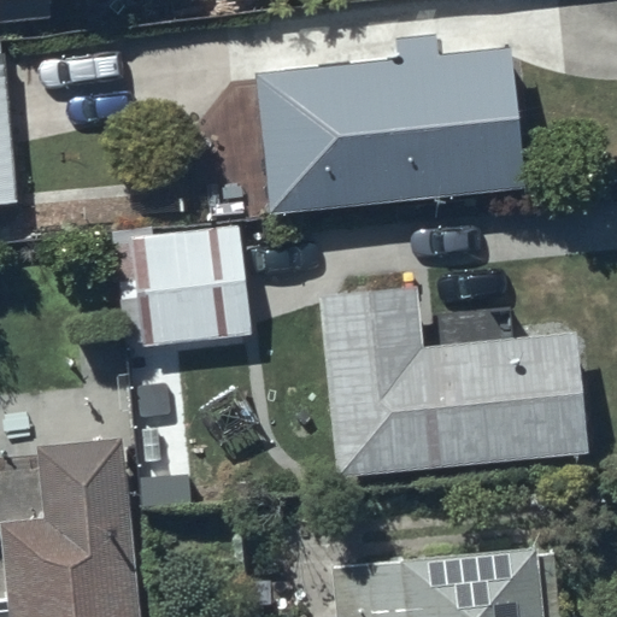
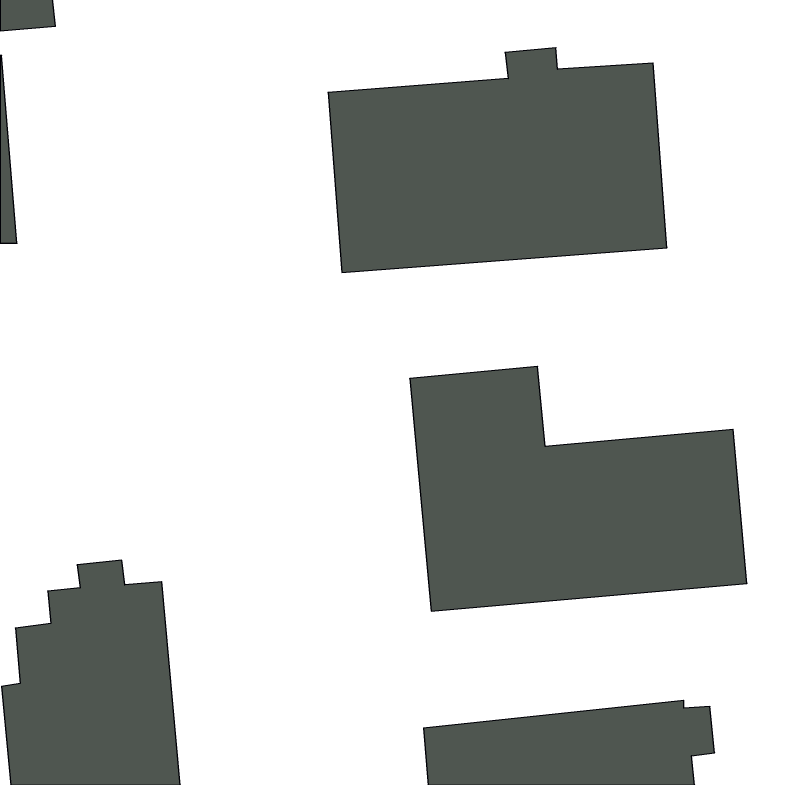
building: [54,217,253,336] -> none

